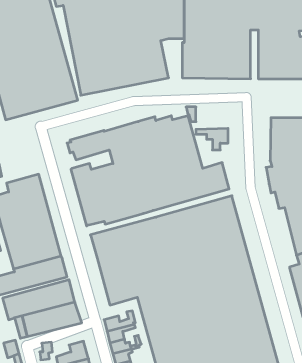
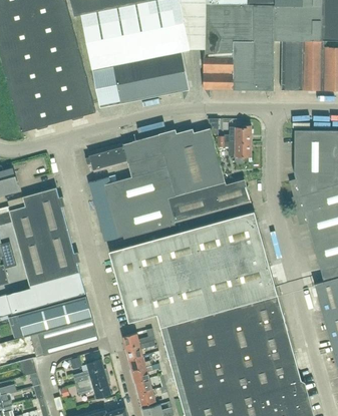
building: none -> [218,126,251,142]

